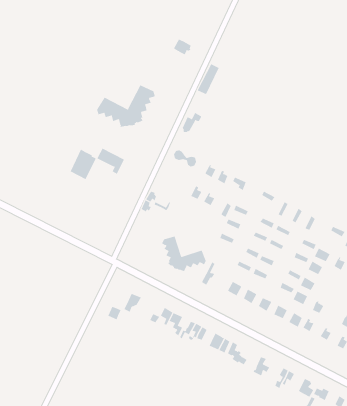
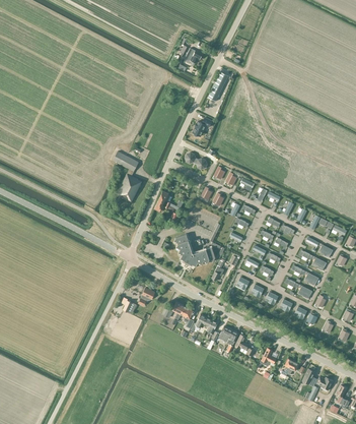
building: [97,85,155,127] -> none
building: [70,149,97,180] -> [117,173,142,202]

